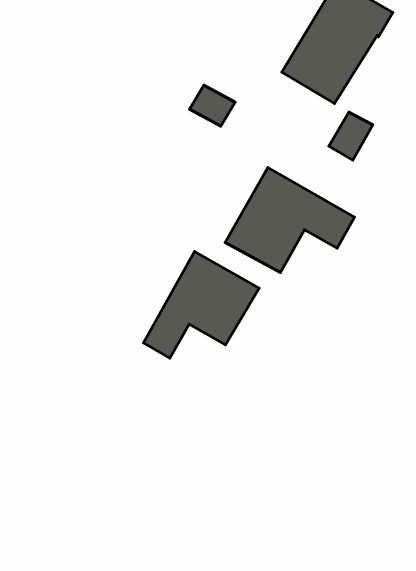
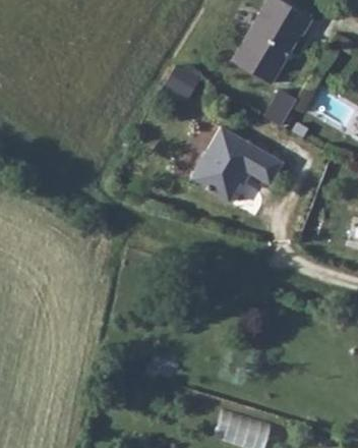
building: [143,252,259,358] -> none

